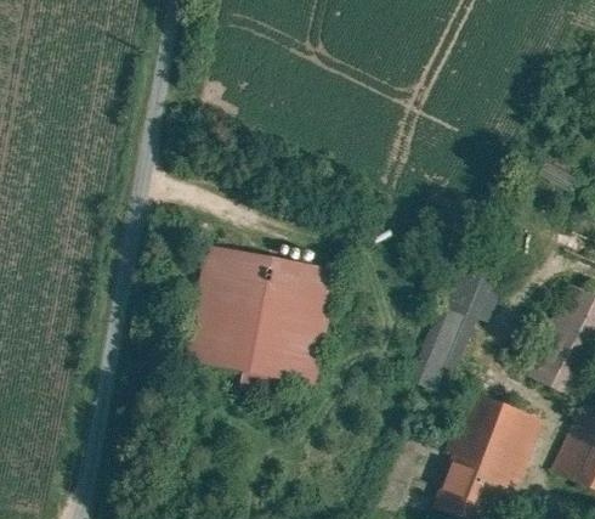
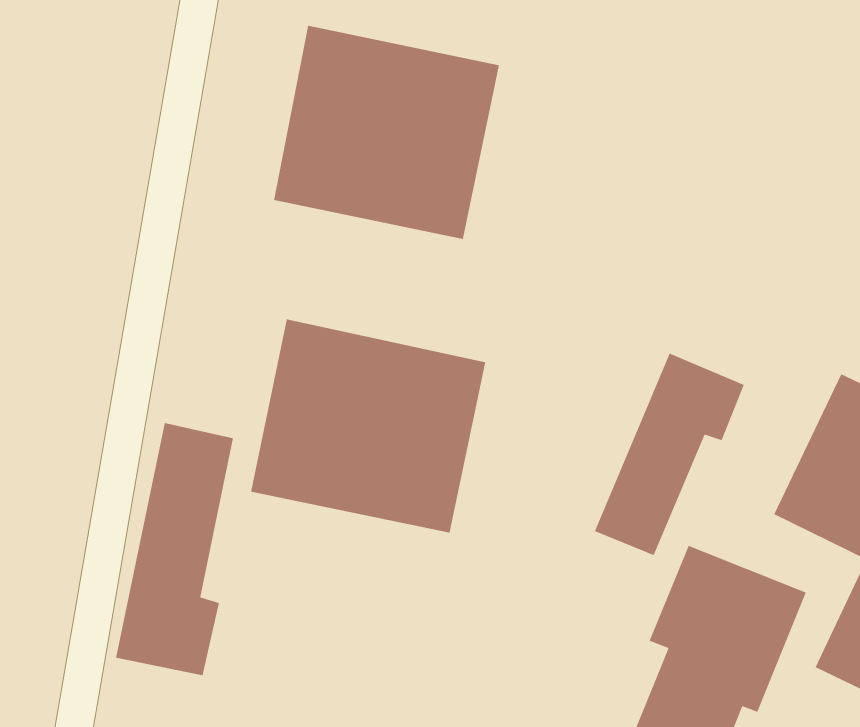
building: none -> [273,25,500,240]
building: none -> [115,422,234,676]

